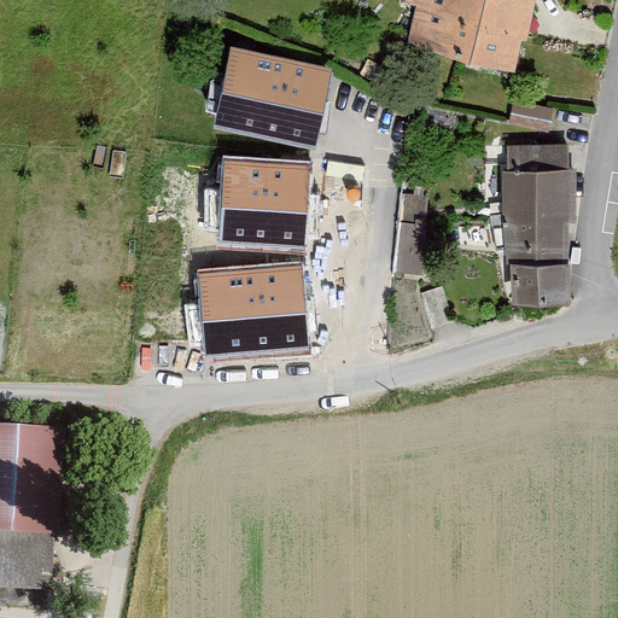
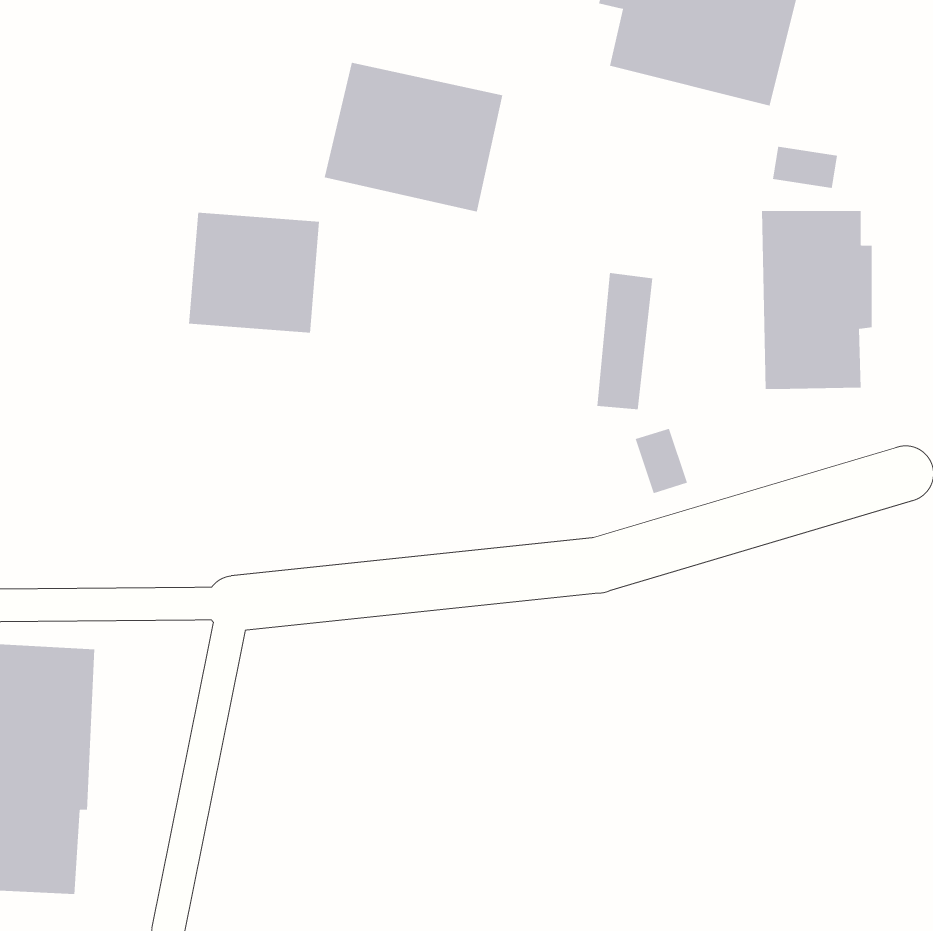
building: [218,162,305,241] -> [188,212,320,333]
building: [509,256,570,298] -> none
building: [202,268,304,350] -> none

